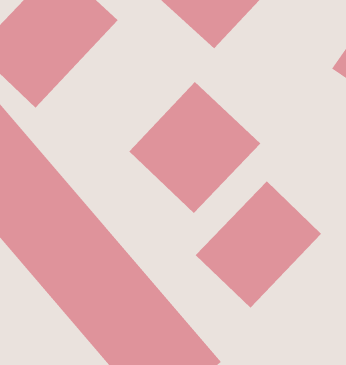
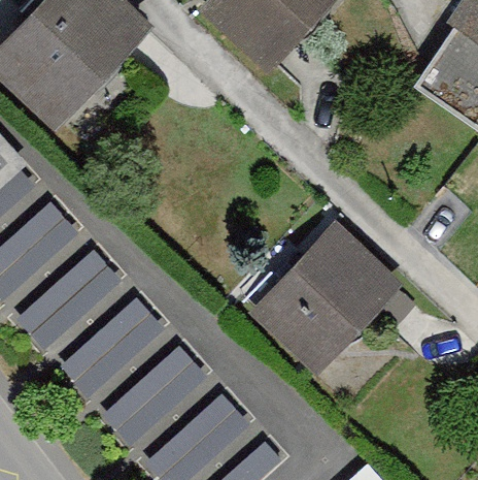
building: [129,81,261,214] -> none

